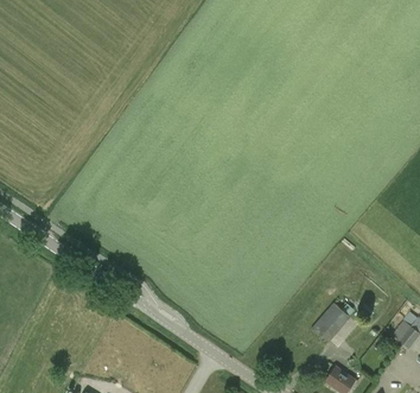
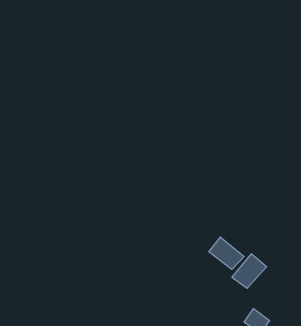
building: none -> [209,237,244,269]

